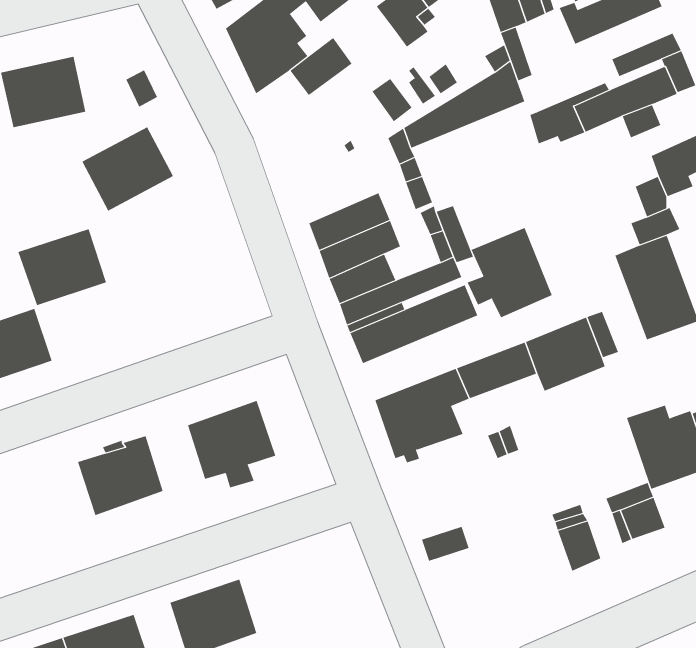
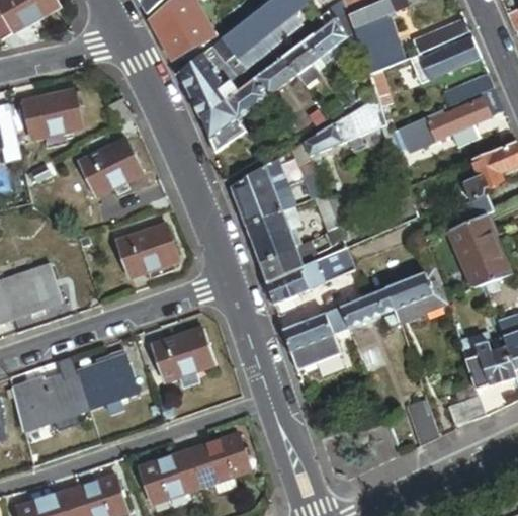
building: none -> [254,56,296,95]
building: none -> [200,100,246,151]
building: none -> [229,157,287,205]
building: [467,227,553,318] -> none
building: [18,228,107,306] -> [116,225,178,278]
building: none -> [28,370,89,424]
building: none -> [189,435,251,495]

